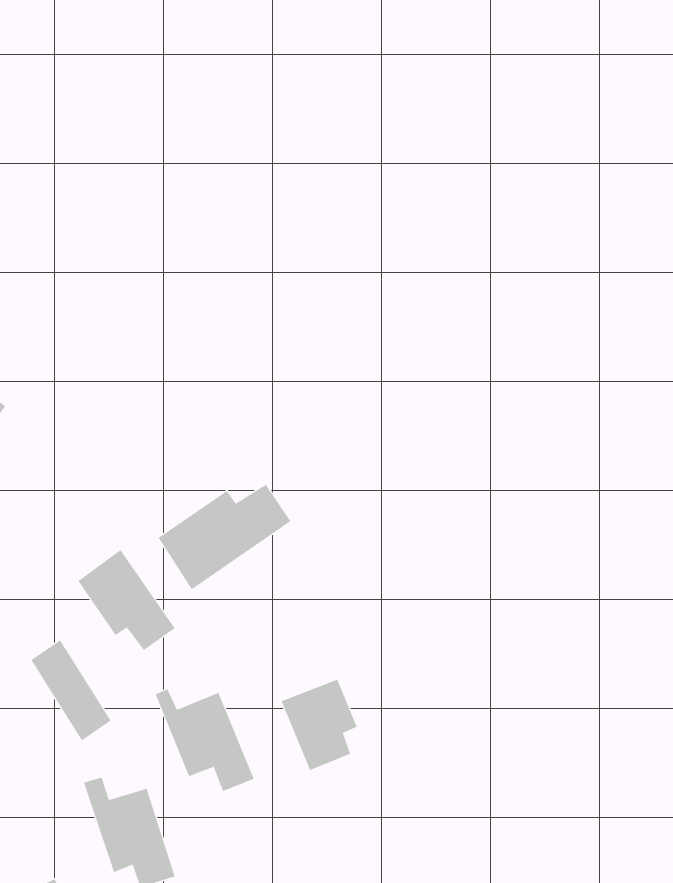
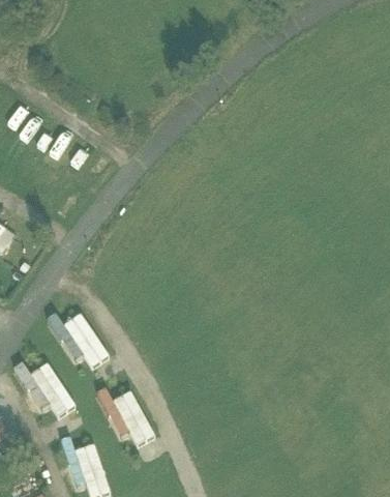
building: [158,484,291,590] -> none
building: [281,679,358,771] -> none

